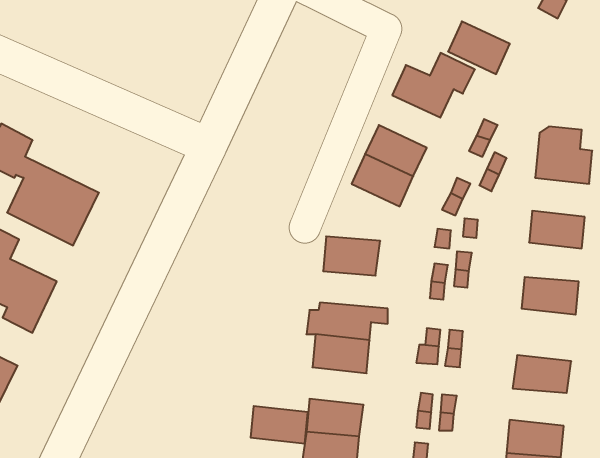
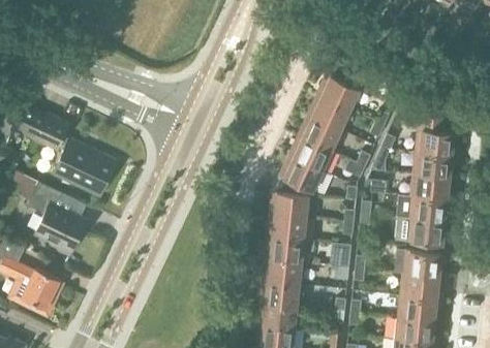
building: [448,21,510,74] -> [308,94,350,130]
building: none -> [414,151,453,178]
building: none -> [279,155,323,191]
building: none -> [397,194,448,222]
building: none -> [268,215,306,240]
building: none -> [394,248,442,277]
building: none -> [398,295,437,321]
building: [251,406,308,444] -> [261,281,300,307]

